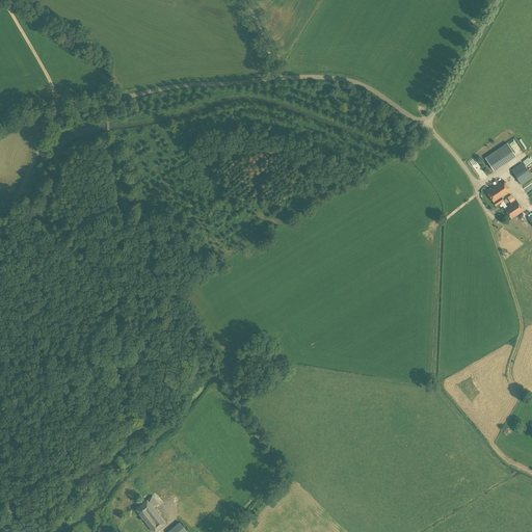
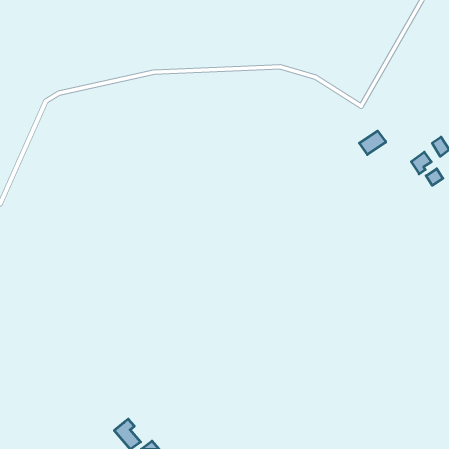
building: [484,142,515,170] -> [359,131,386,155]

